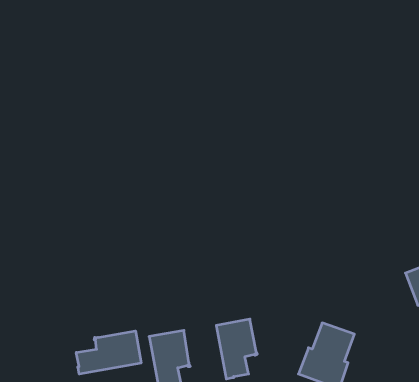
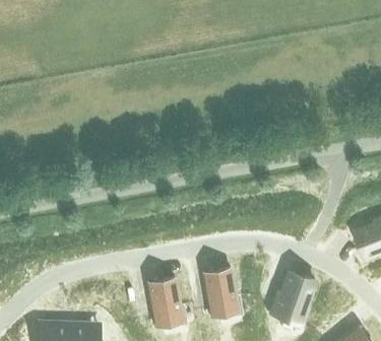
building: [76,331,141,374] -> none

